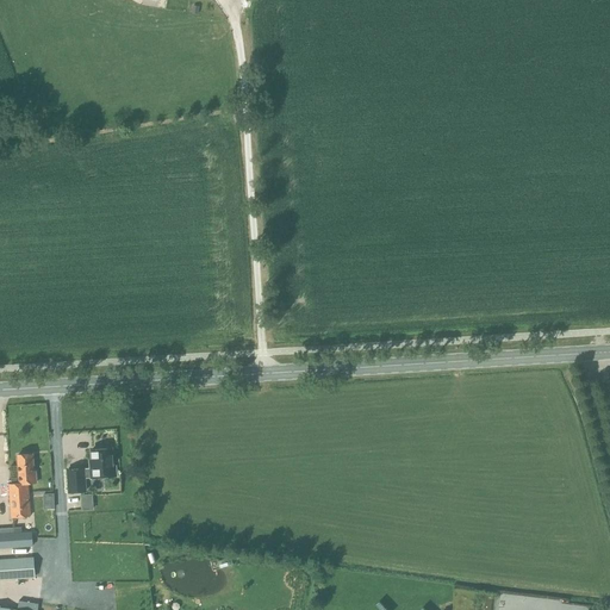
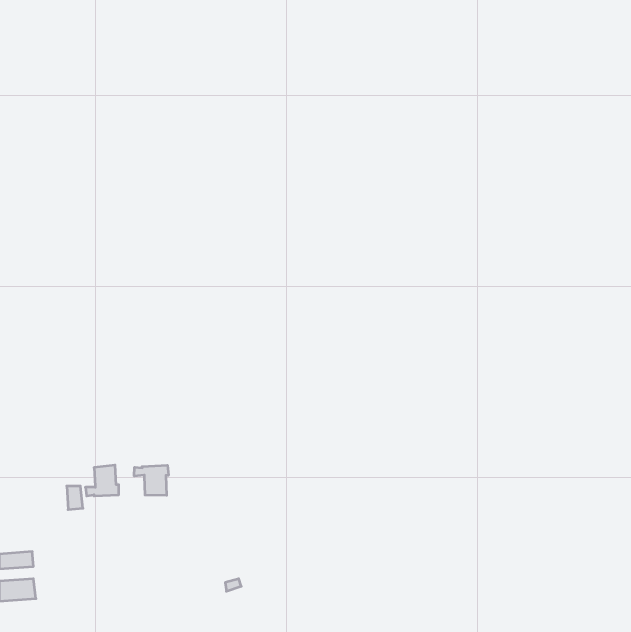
building: none -> [134,465,168,495]
building: [7,454,35,517] -> none

